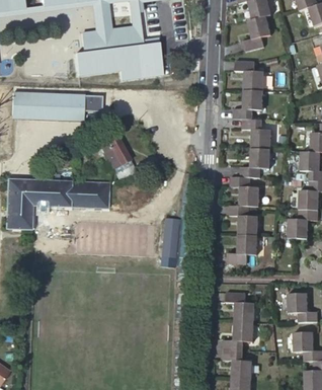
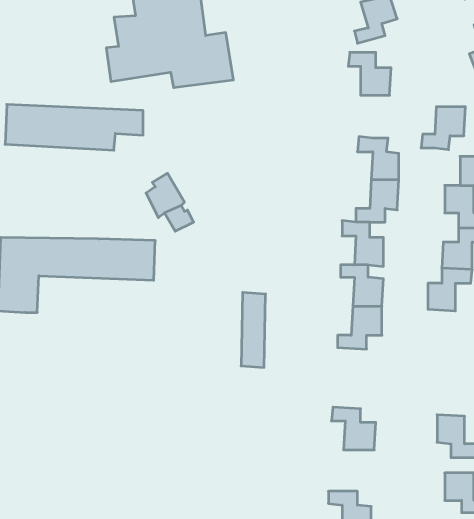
building: [234,86,263,114] -> [421,107,465,150]
building: [223,321,253,348] -> none

